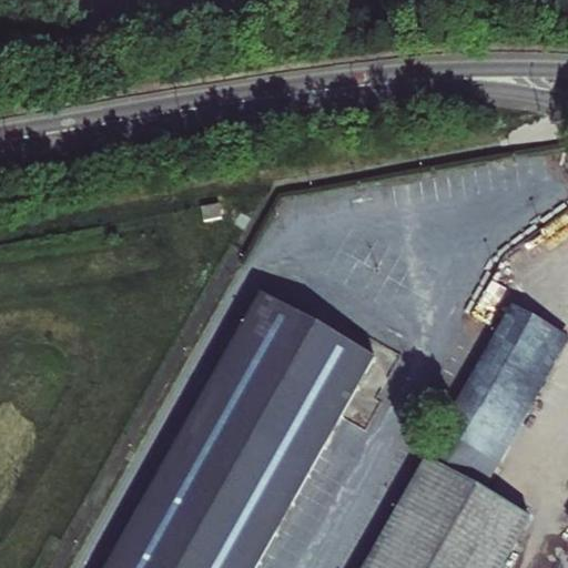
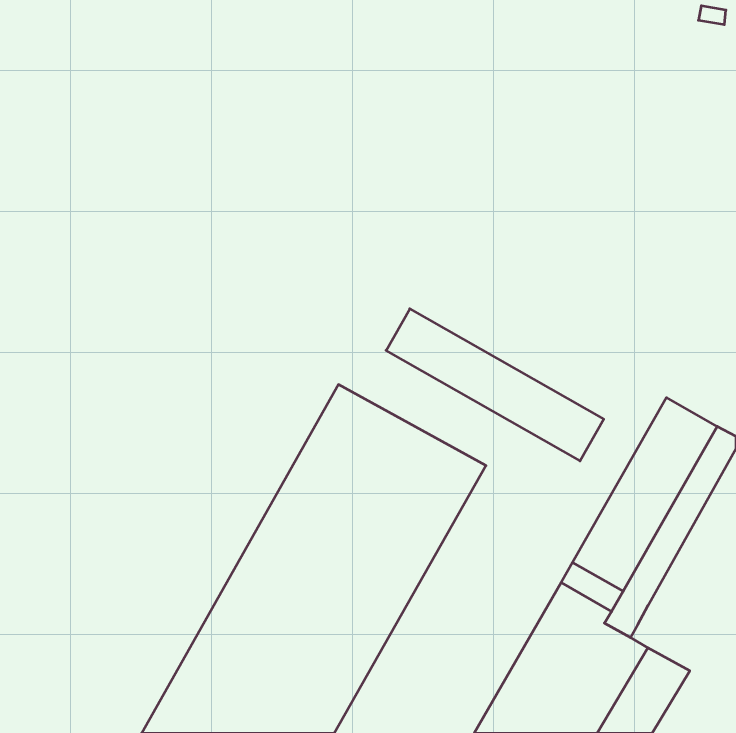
building: none -> [386,309,604,461]

